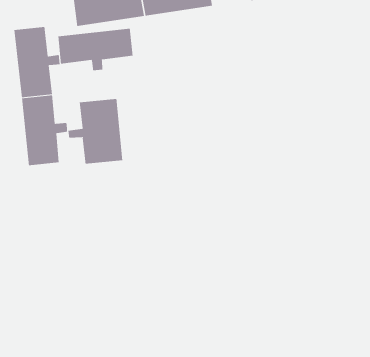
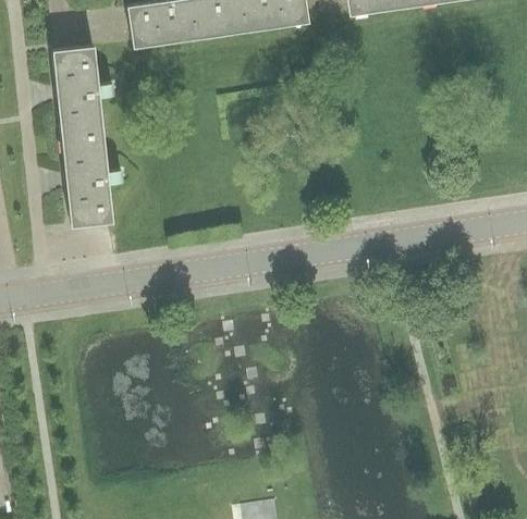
building: [58,28,133,71] -> none
building: [68,98,123,164] -> none

